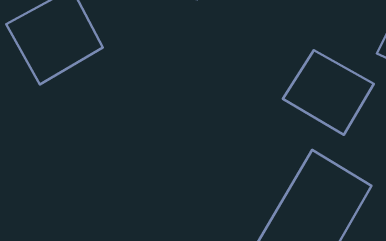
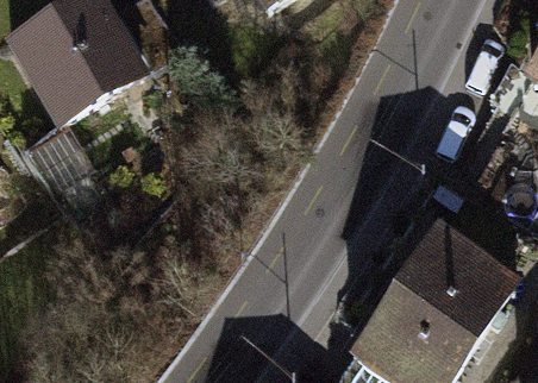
building: [283,50,374,135] -> none

